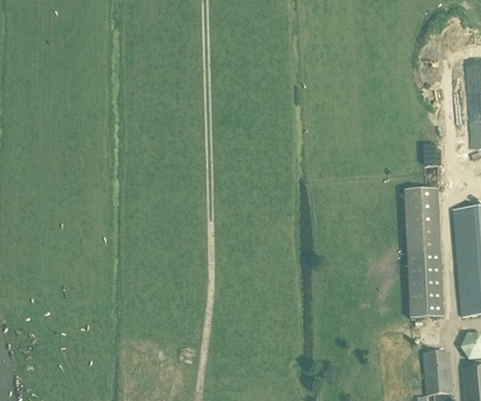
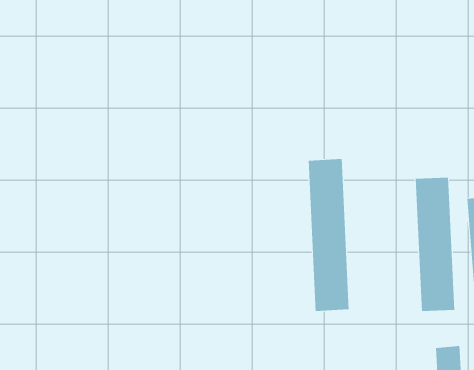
building: none -> [308,158,349,312]

